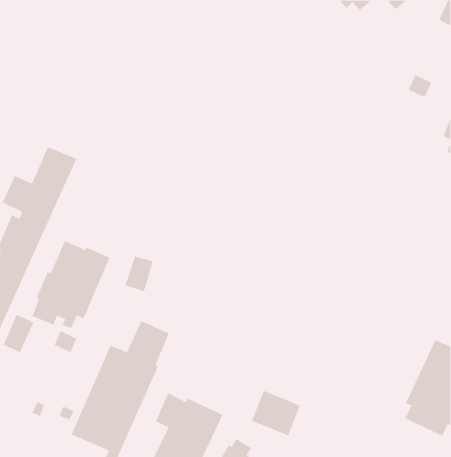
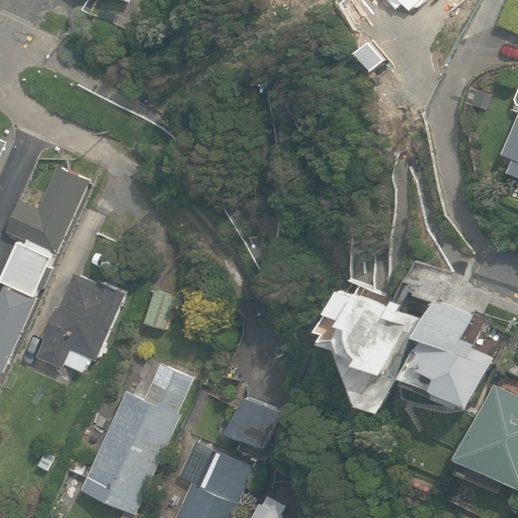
building: none -> [319,281,419,413]
building: none -> [401,299,491,411]
building: [251,390,300,436] -> [229,399,284,450]

